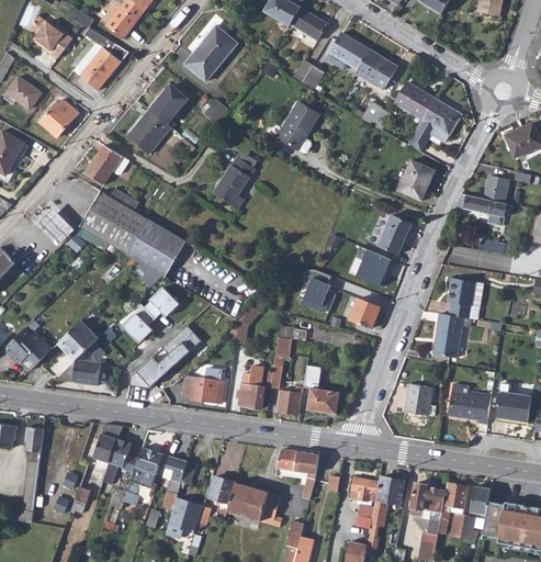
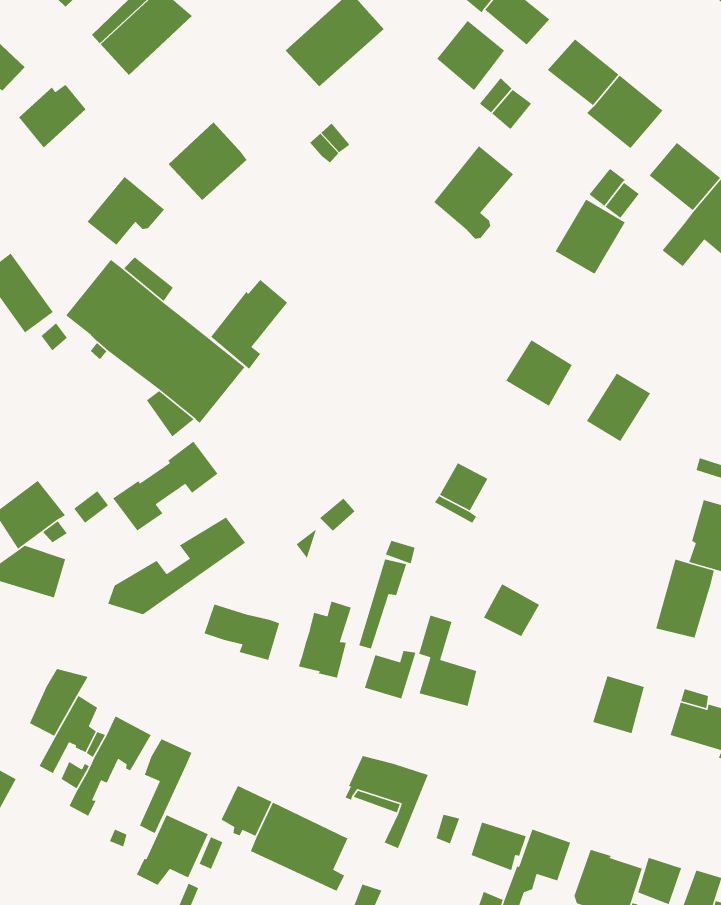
building: none -> [436,20,505,91]
building: [148,85,188,123] -> none
building: [213,157,253,209] -> [210,279,288,370]
building: [397,159,435,201] -> [555,199,626,275]
building: [356,248,392,284] -> [505,339,573,407]
building: [350,299,381,327] -> [483,583,540,637]

